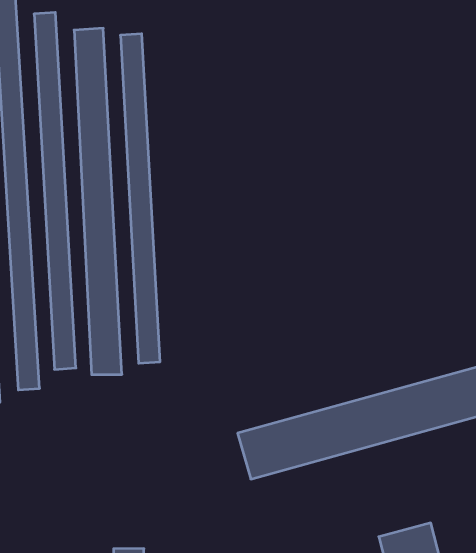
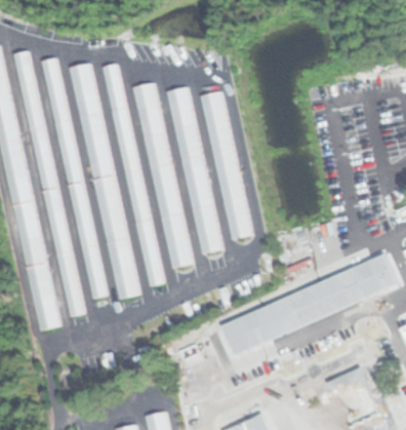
building: none -> [137,83,193,268]
building: none -> [170,87,222,253]
building: none -> [203,90,252,239]

